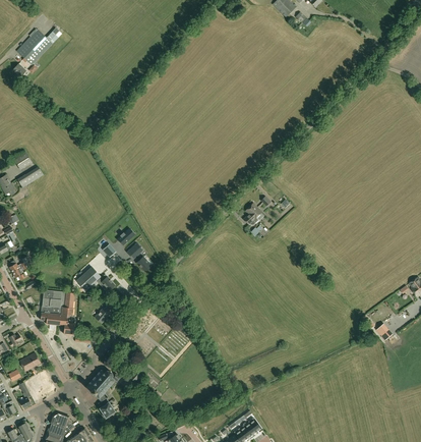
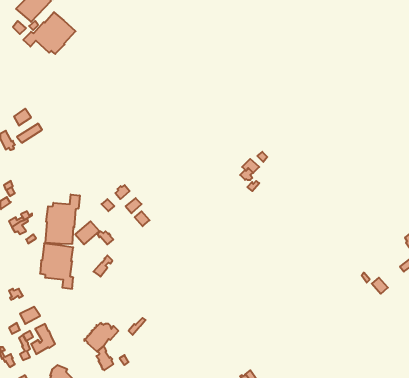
building: none -> [23,12,76,54]
building: none -> [45,194,80,244]

